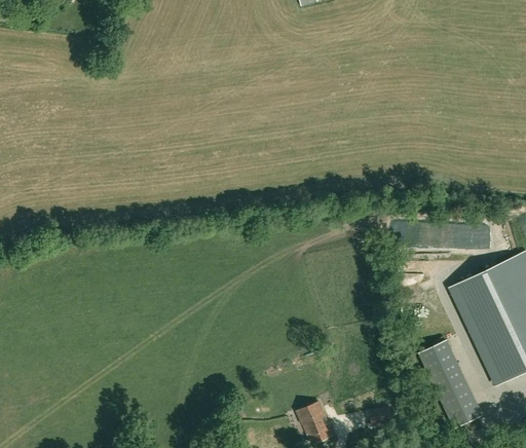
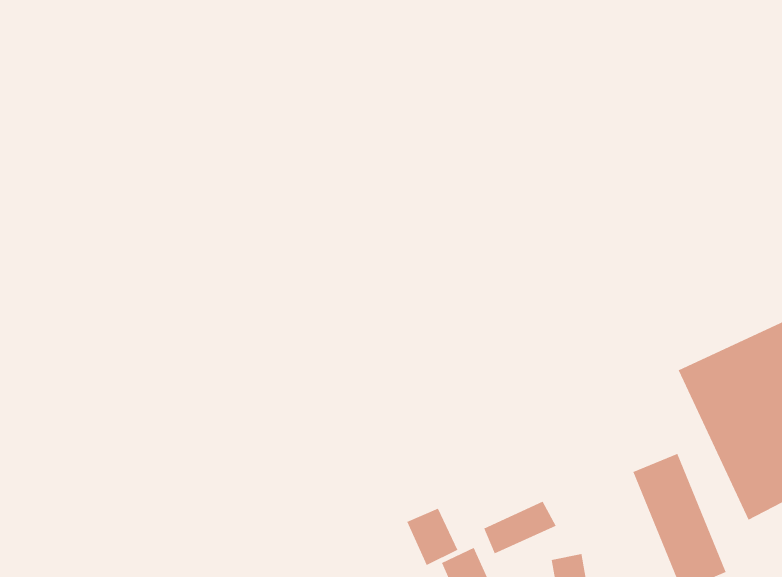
building: none -> [484,501,556,554]
building: none -> [406,508,458,566]

